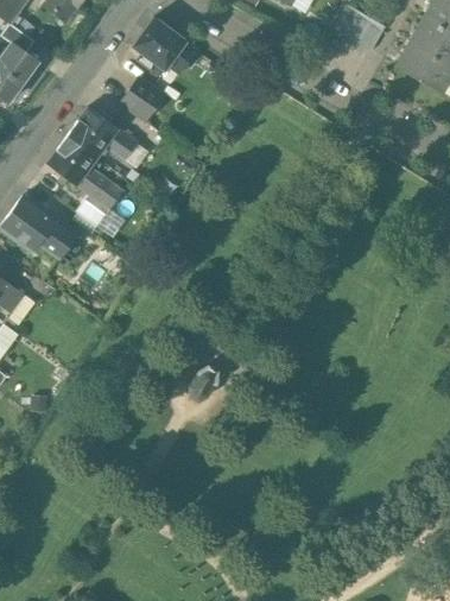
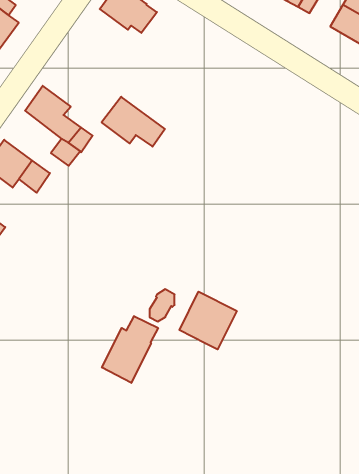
building: [121,78,163,119] -> none
building: [66,105,139,162] -> [102,97,165,147]
building: none -> [179,292,237,349]
building: none -> [102,316,158,383]

